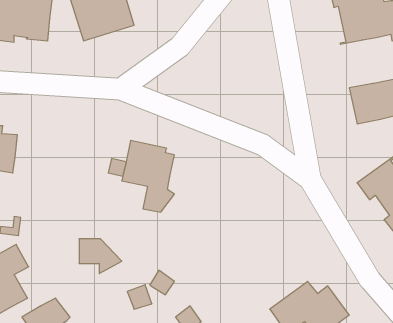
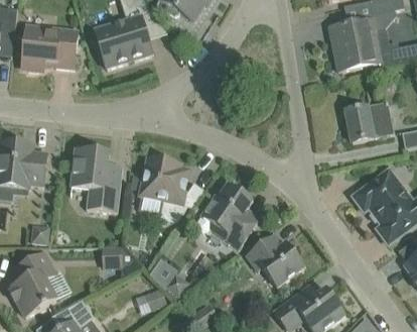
building: none -> [71,149,122,212]
building: none -> [195,184,259,248]
building: none -> [245,233,304,287]

